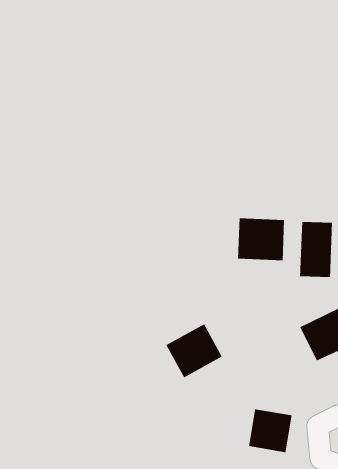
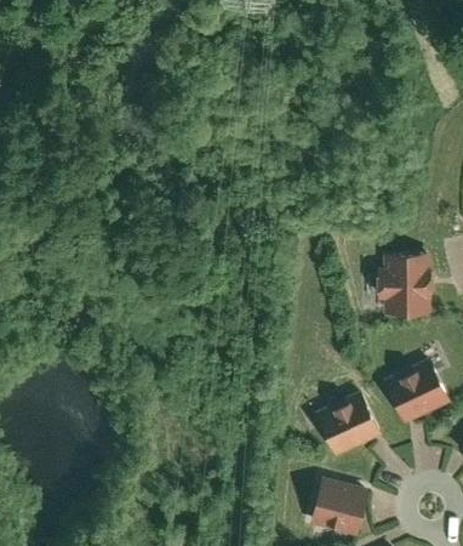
building: [237,218,285,261] -> none
building: [165,323,223,379] -> [319,394,383,456]

